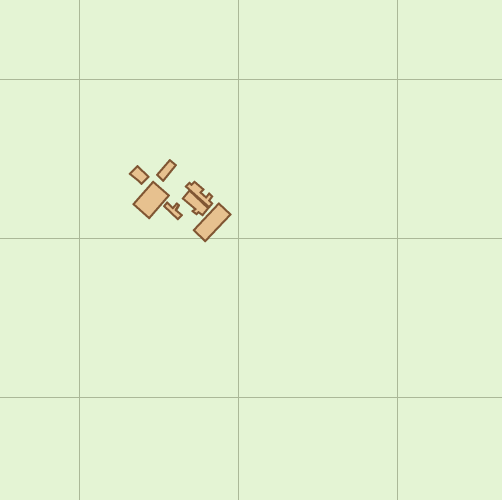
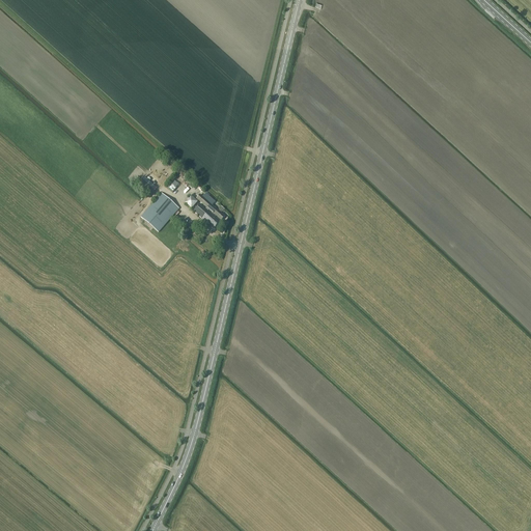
building: [194,204,231,241] -> none

